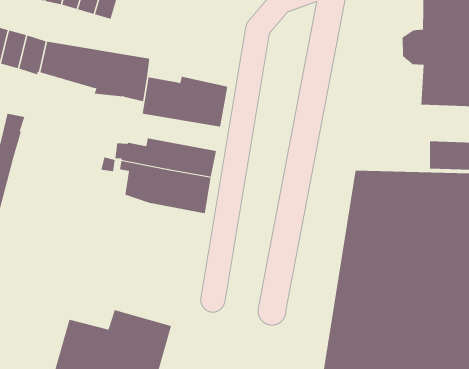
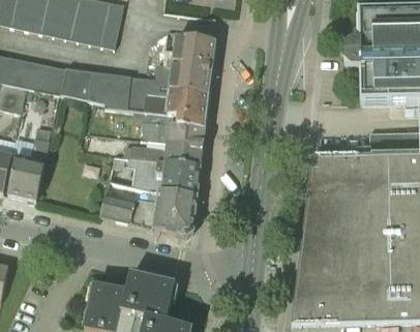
building: none -> [146,35,216,96]
building: none -> [142,121,205,147]
building: none -> [99,190,197,237]

